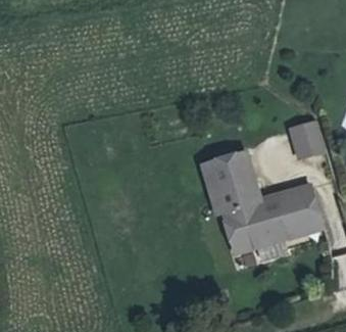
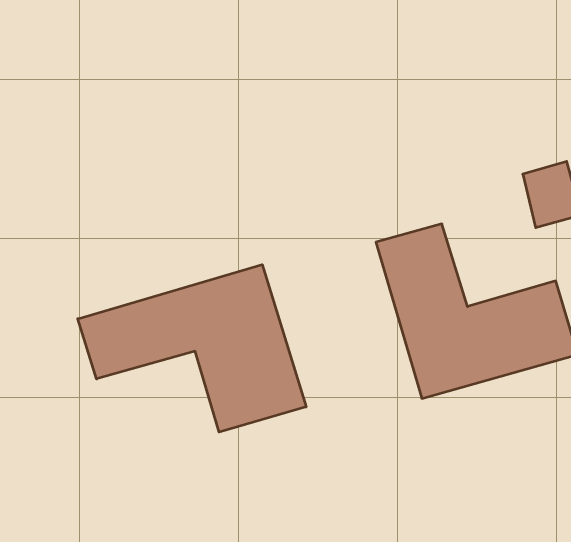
building: none -> [78,265,306,432]

